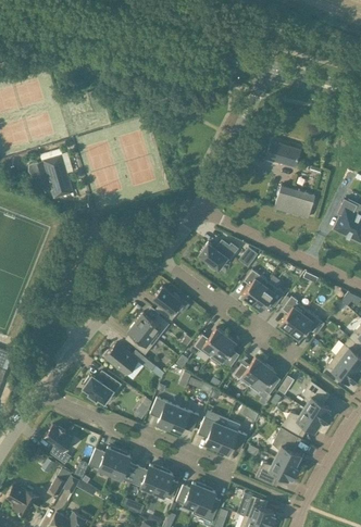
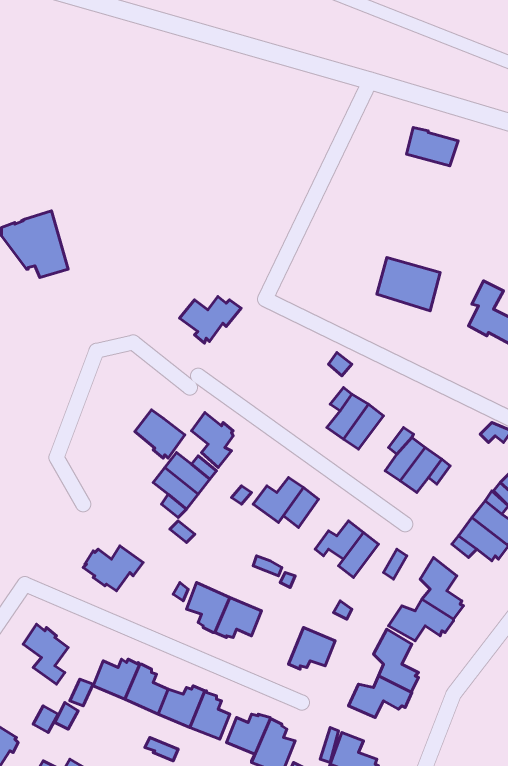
building: [267,141,301,166] -> [406,128,458,166]
building: [199,240,239,271] -> [180,297,241,343]
building: [105,343,138,375] -> [135,410,185,458]
building: [198,417,226,450] -> none

